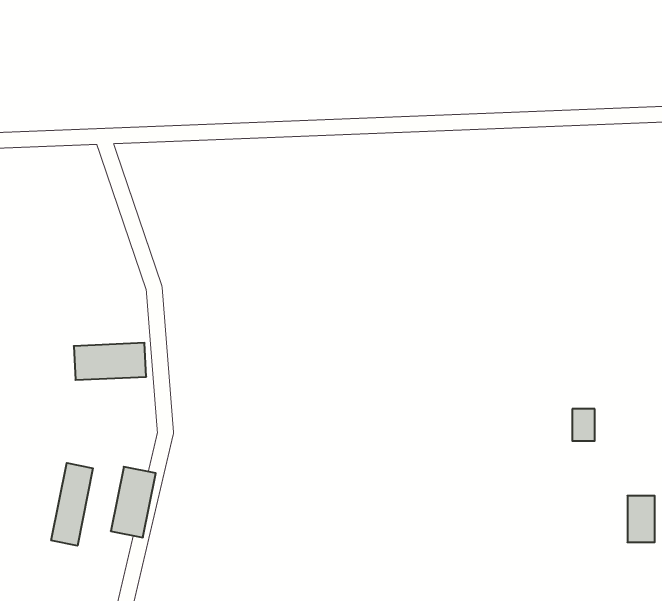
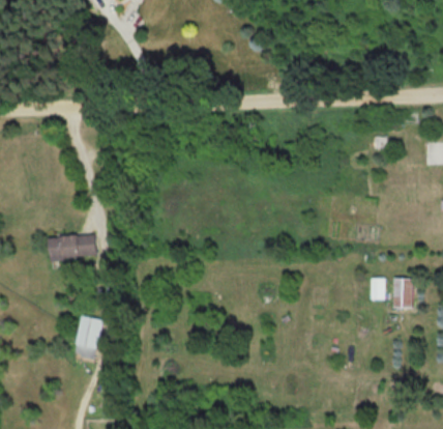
building: [51,463,93,546] -> none
building: [627,496,655,542] -> [393,278,411,308]

